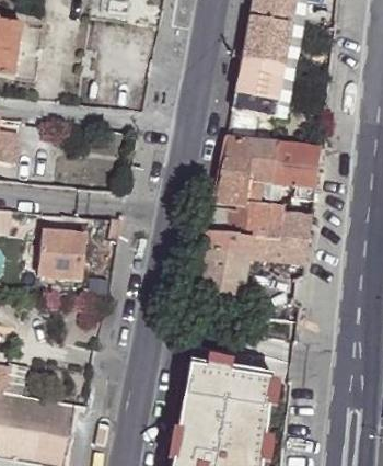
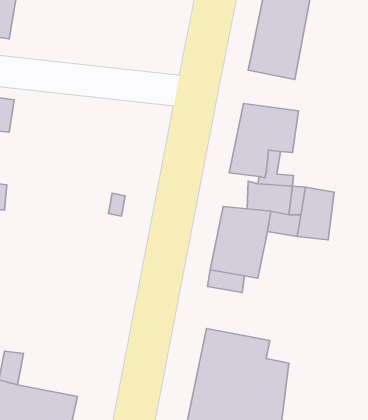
building: [274,140,321,183] -> none
building: [35,227,83,277] -> none

